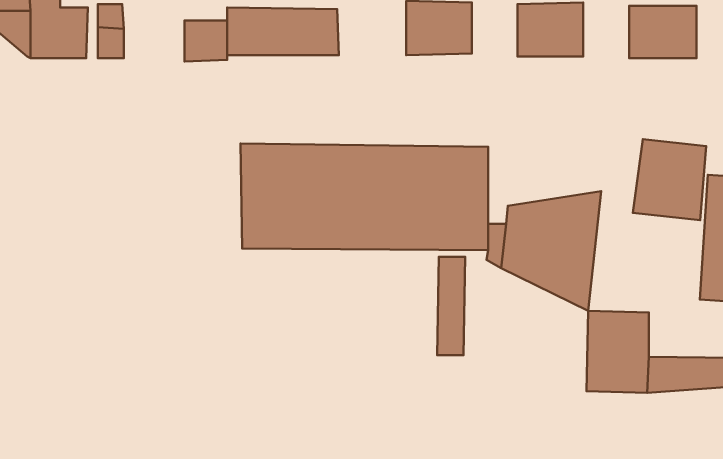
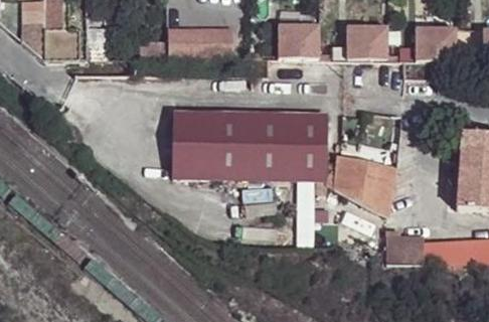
building: [633,139,706,220] -> none

